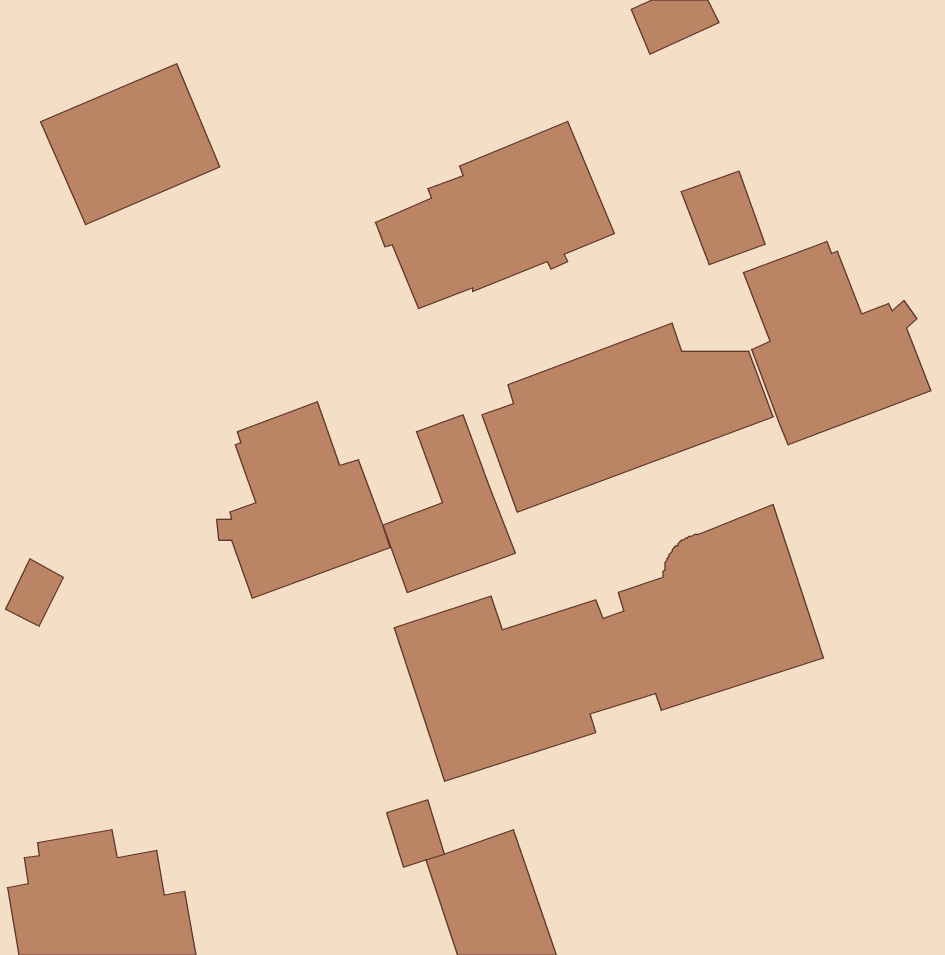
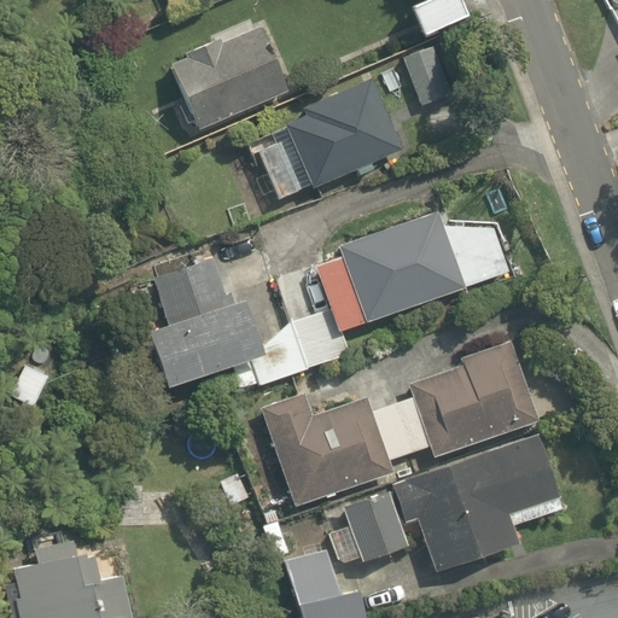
building: [41,64,220,225] -> [171,25,287,129]
building: [681,171,765,265] -> [404,45,459,105]
building: [743,241,931,445] -> none
building: none -> [342,435,562,572]

